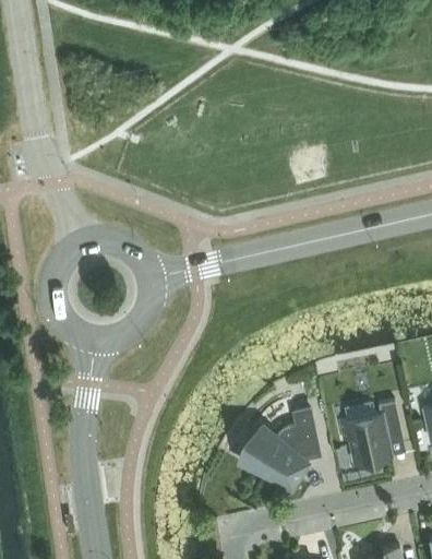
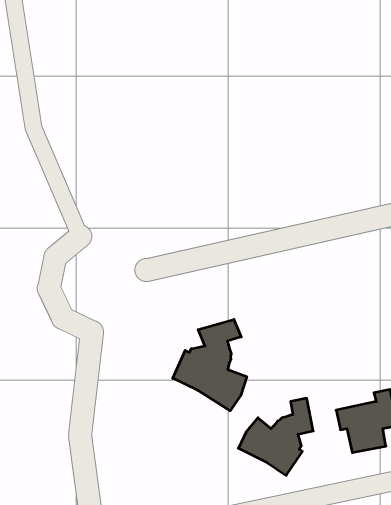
building: none -> [173,319,247,411]

